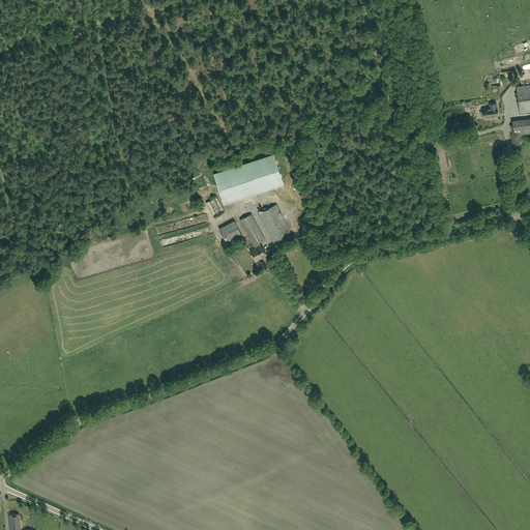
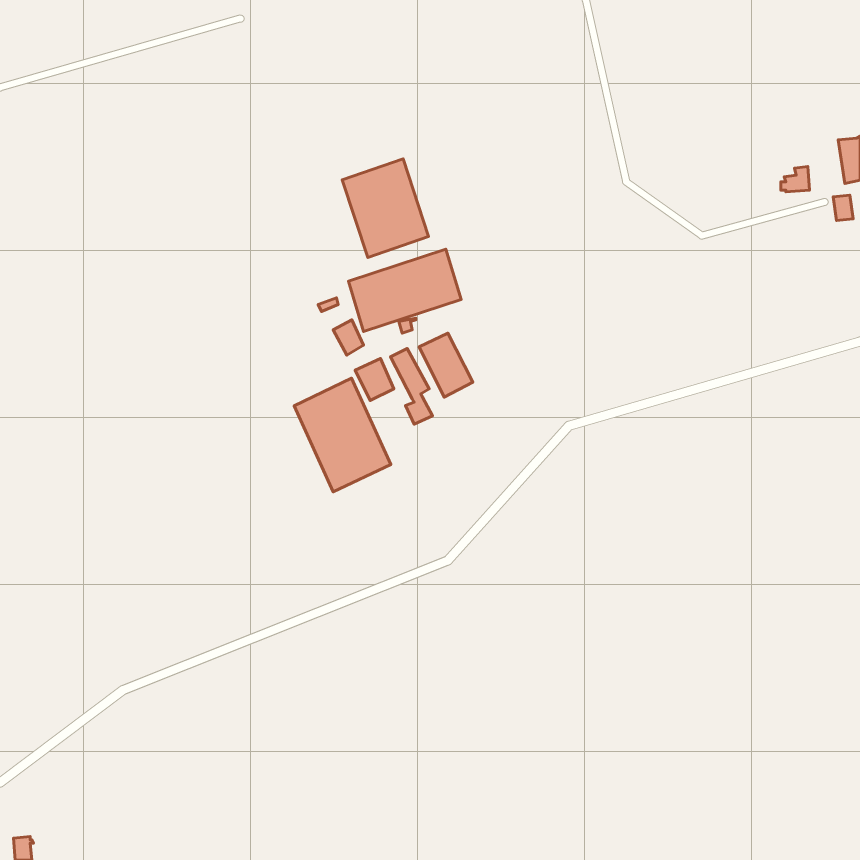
building: none -> [342,159,429,258]
building: none -> [294,378,391,492]

